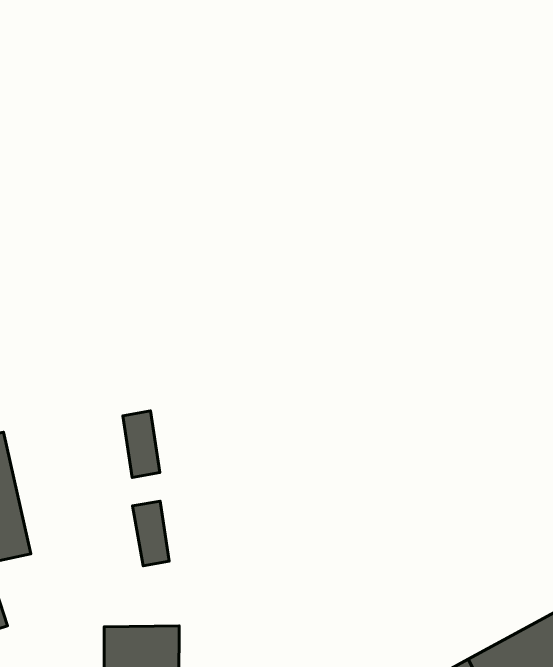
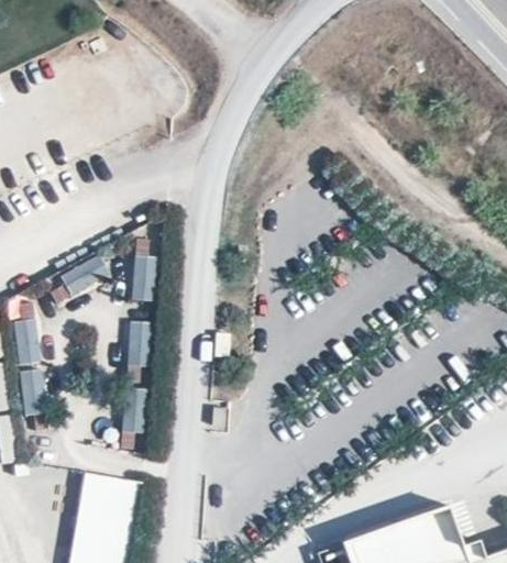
building: none -> [126,254,155,302]
building: none -> [59,256,104,297]

